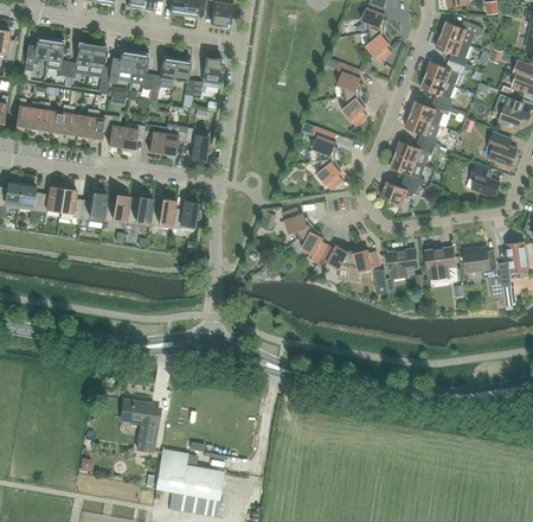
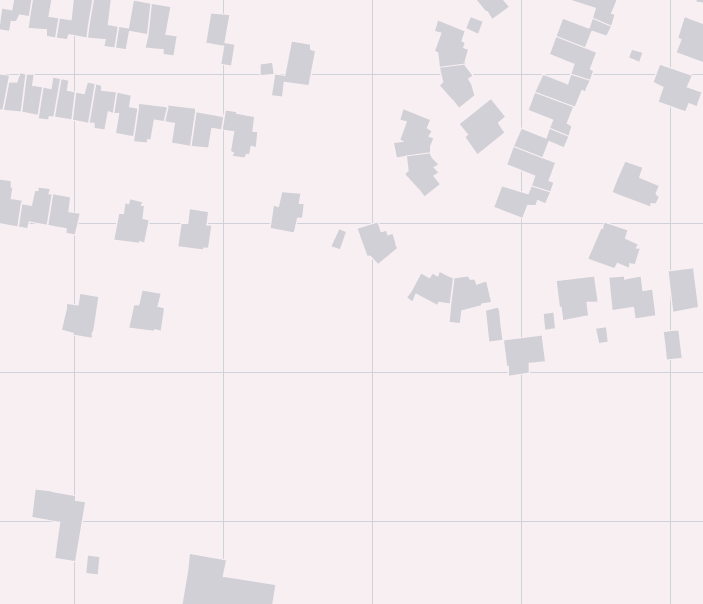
building: [150,56,176,91] -> none
building: [192,57,224,97] -> [271,41,316,97]
building: none -> [459,98,506,155]
building: [488,133,518,167] -> none
building: [79,192,107,224] -> [61,294,99,338]
building: [129,197,155,227] -> [129,290,165,331]
building: [175,202,200,231] -> [270,192,304,233]
building: none -> [588,222,640,269]
building: [297,228,328,263] -> none
building: [387,249,418,279] -> [503,335,546,376]
building: [121,400,160,452] -> [32,489,86,561]

